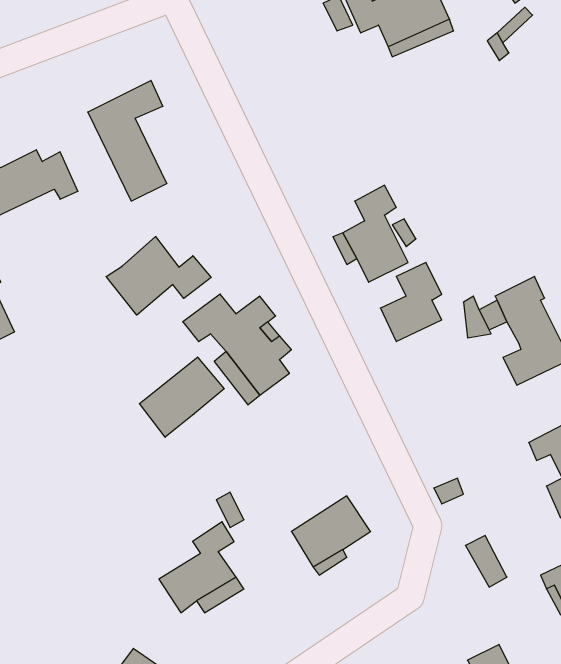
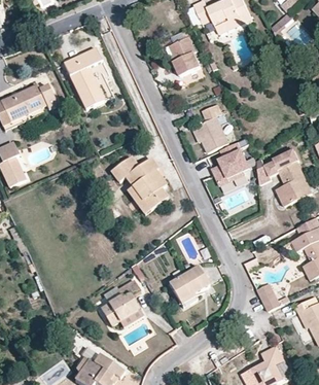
building: none -> [173,39,201,78]
building: [106,237,211,315] -> none
building: [139,357,224,437] -> none

